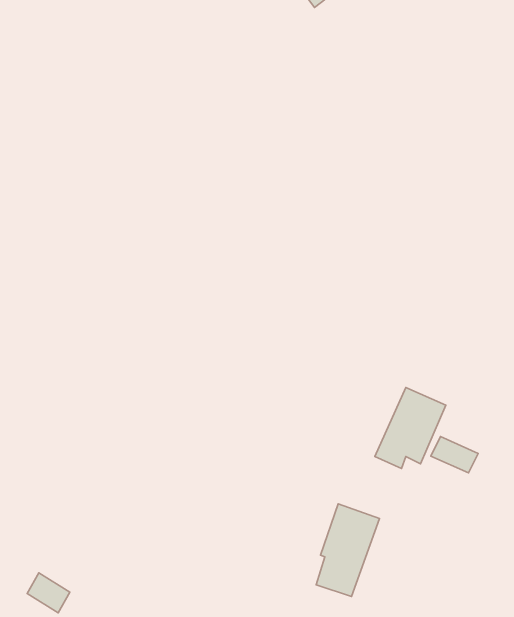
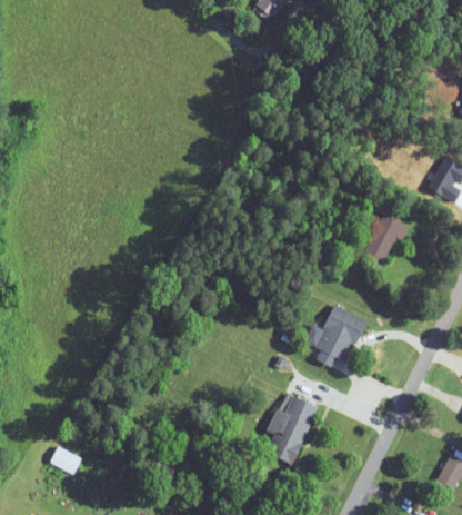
building: none -> [362,212,408,264]
building: [431,437,478,473] -> none

